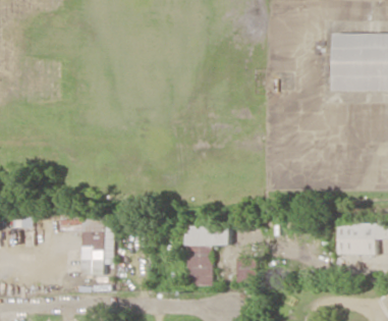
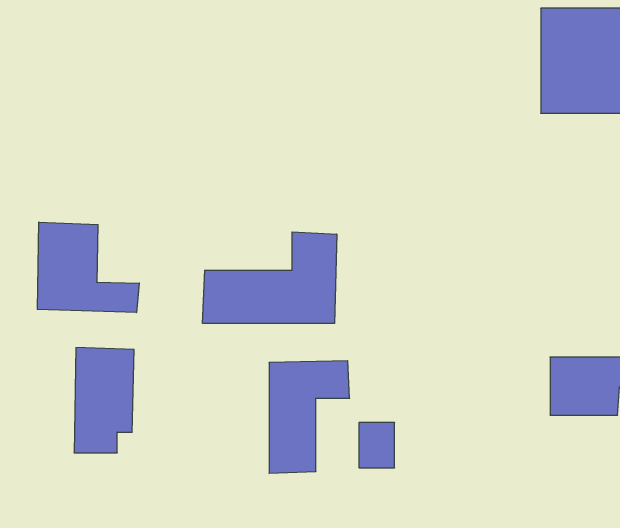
building: none -> [37,222,139,313]
building: none -> [203,232,337,323]

